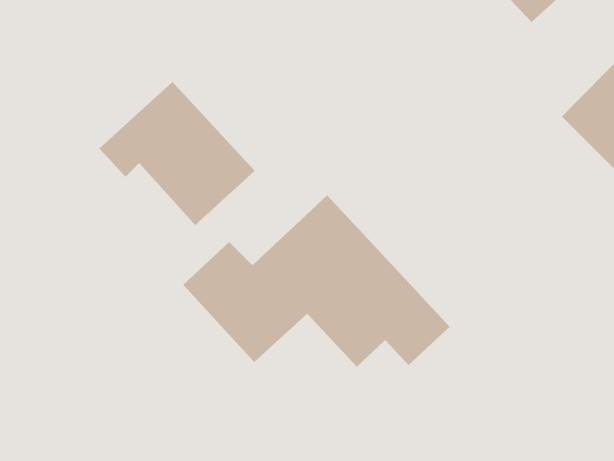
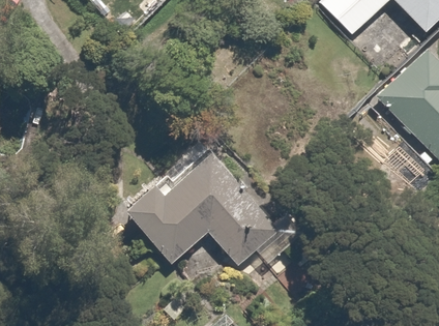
building: [99,81,256,226] -> none

